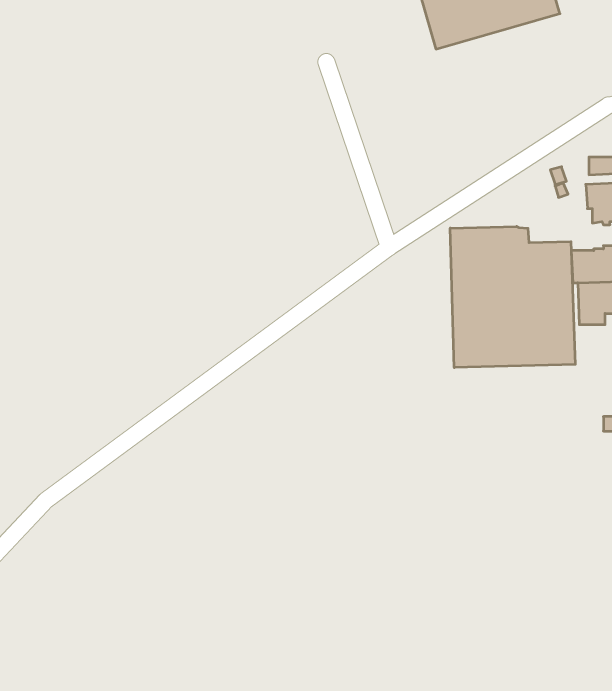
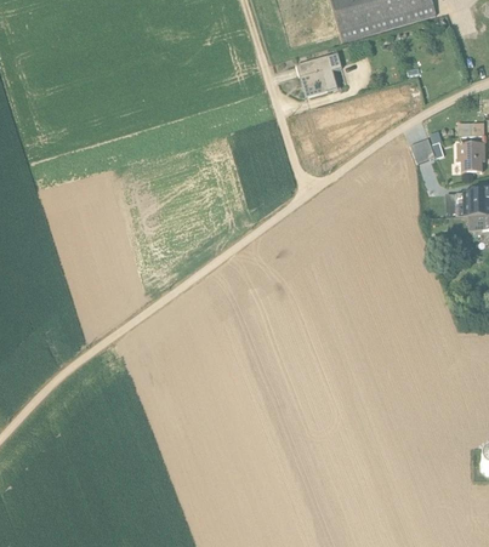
building: none -> [296,51,342,96]
building: [450,226,575,368] -> none

